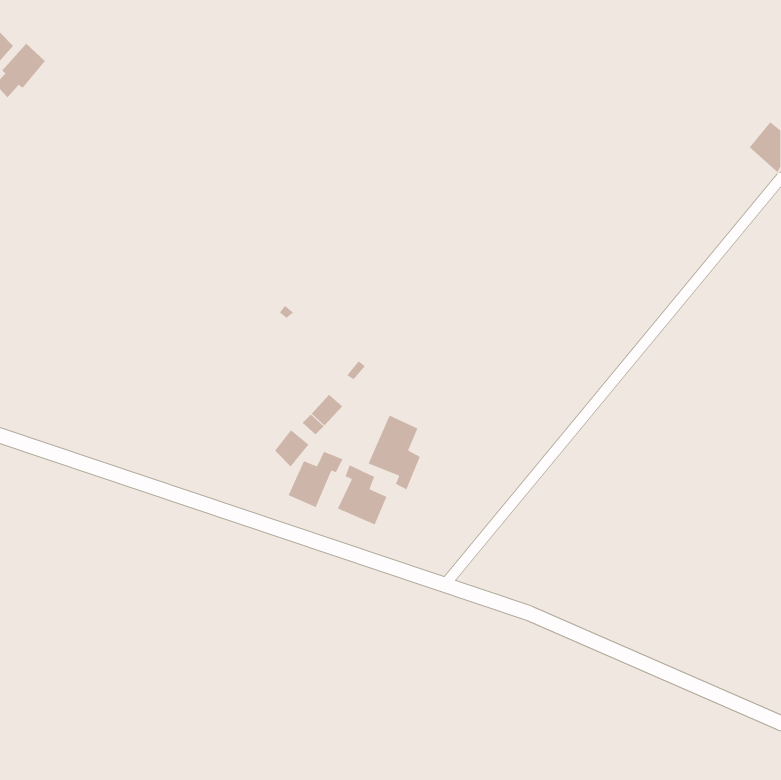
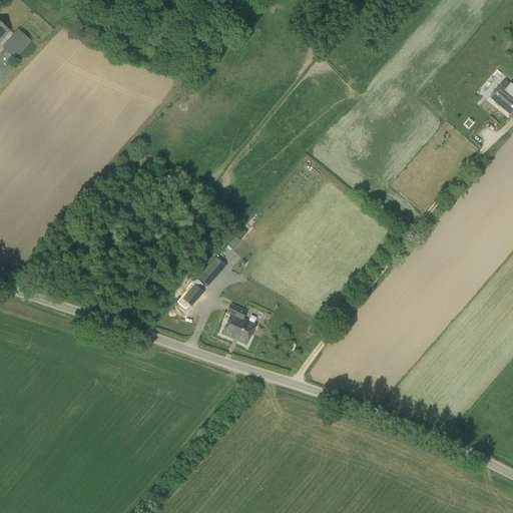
building: [367,415,421,490] -> none
building: [287,451,344,508] -> none

